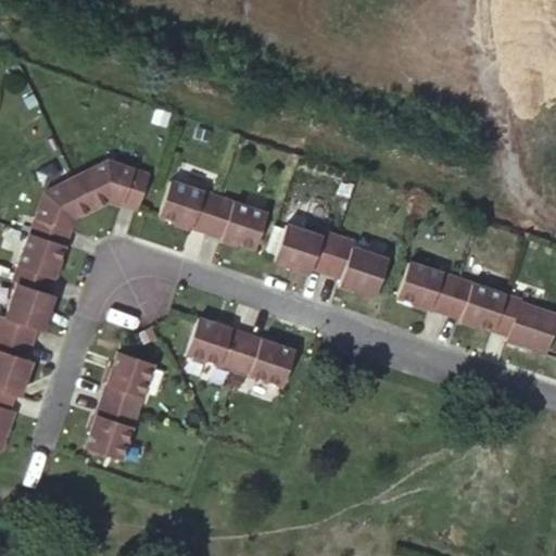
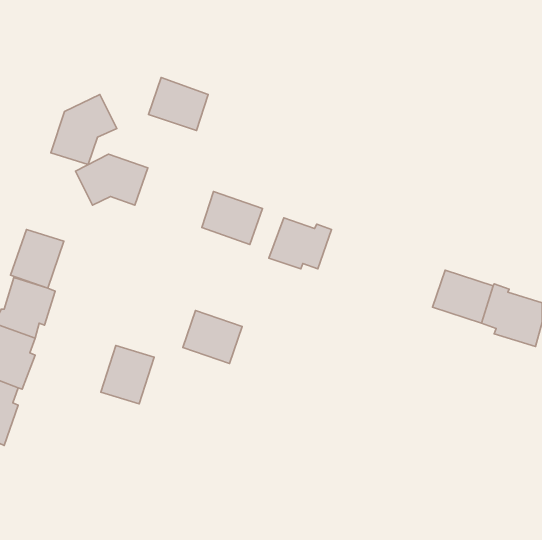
building: [27,175,94,247] -> [51,95,117,165]
building: [157,178,218,232] -> [149,77,208,130]
building: [325,235,384,296] -> none
building: [392,258,455,314] -> none
building: [235,333,294,388] -> none
building: [87,401,142,463] -> none

